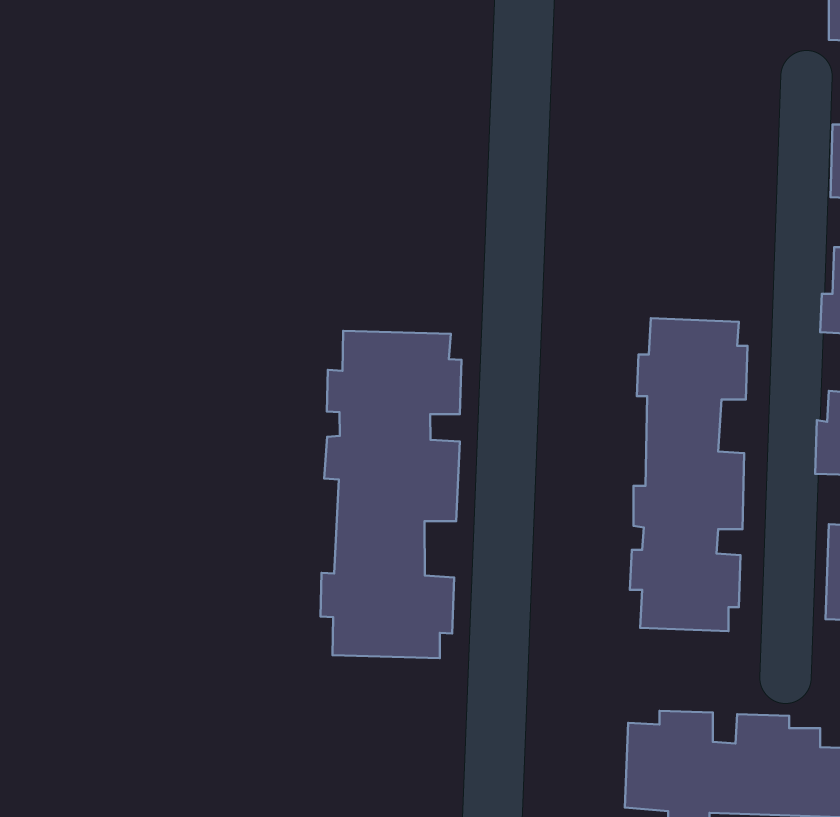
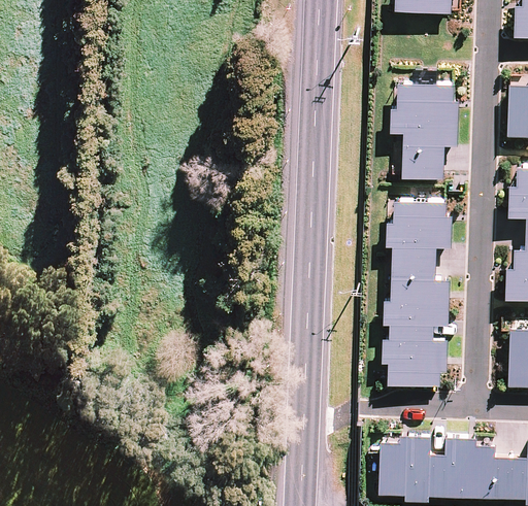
building: none -> [391,86,460,181]
building: [321,331,462,658] -> none

